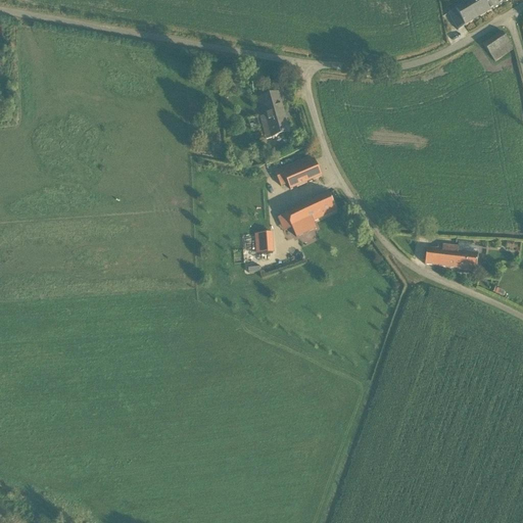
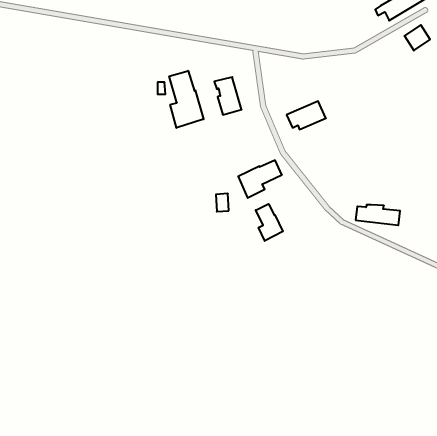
building: none -> [169,71,204,128]
building: [274,154,321,188] -> [287,101,326,129]
building: none -> [256,204,283,241]

